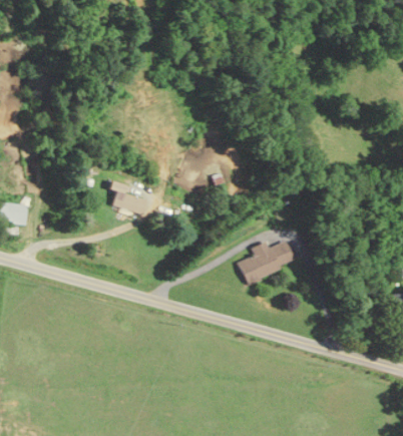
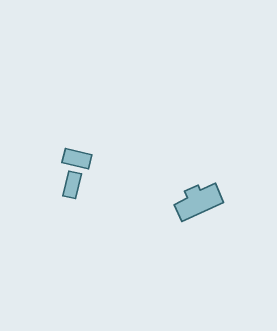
building: none -> [63,171,81,199]

